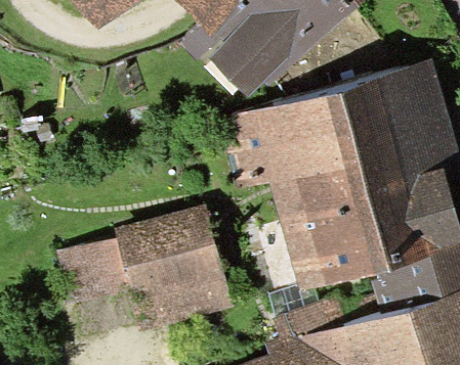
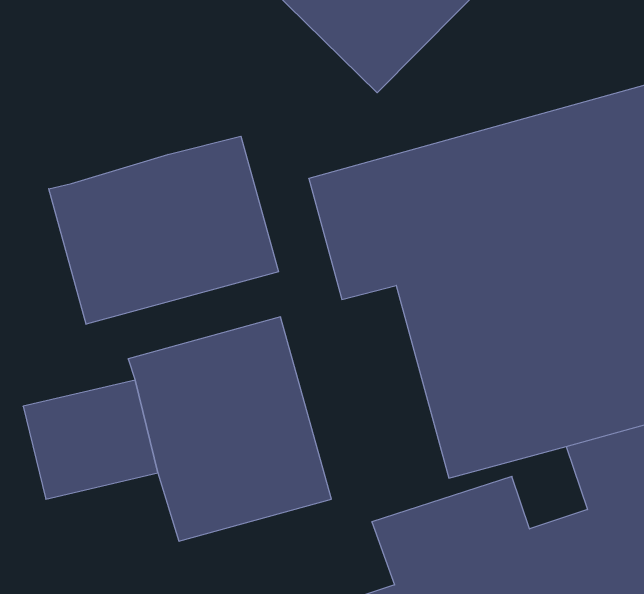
building: none -> [49,136,278,324]

